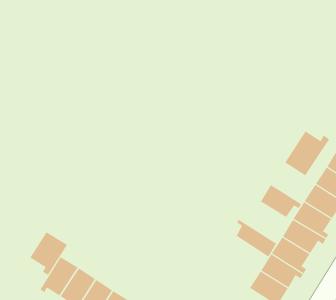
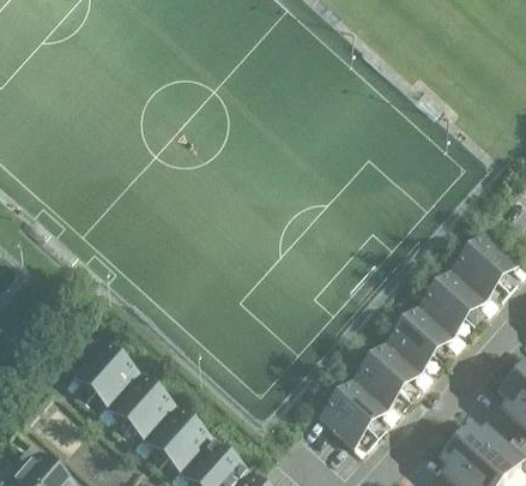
building: [284,130,330,176] -> none
building: [260,184,302,218] -> none
building: [236,219,277,257] -> none
building: [29,232,68,275] -> none

